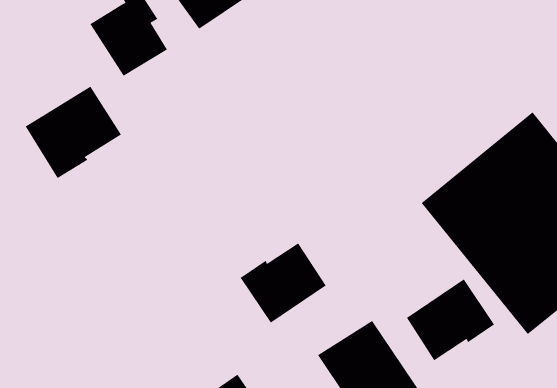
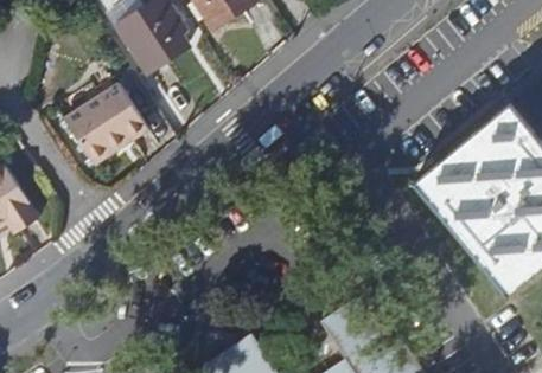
building: [240,242,326,323] -> none
building: [406,279,495,361] -> none

